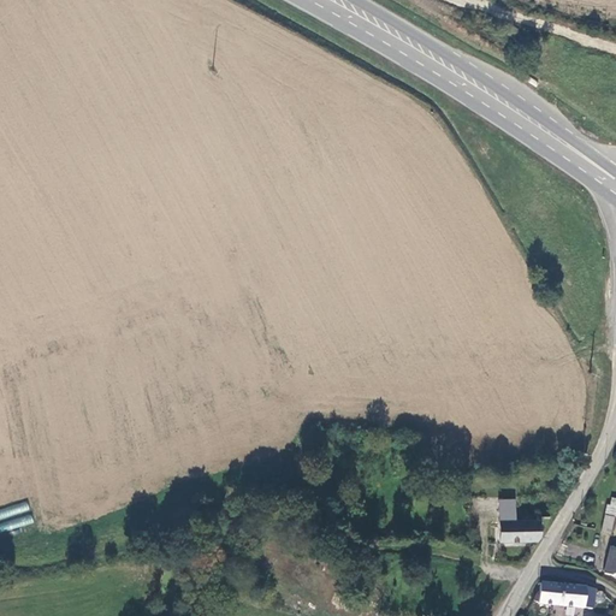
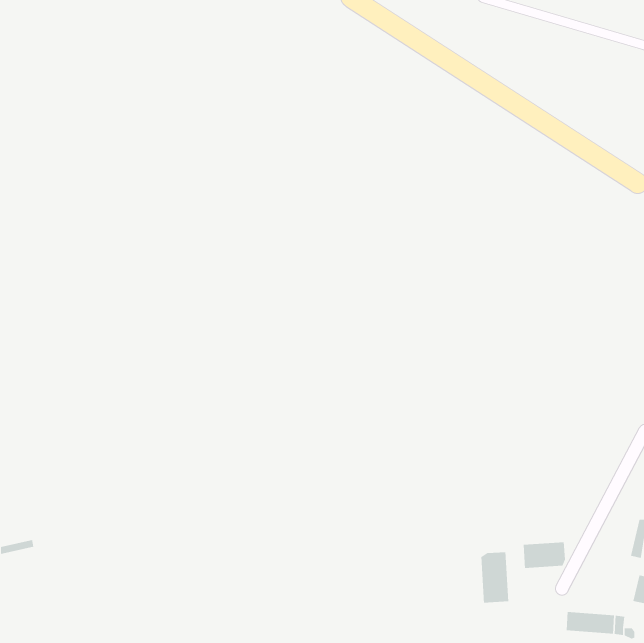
building: none -> [481,552,509,604]

